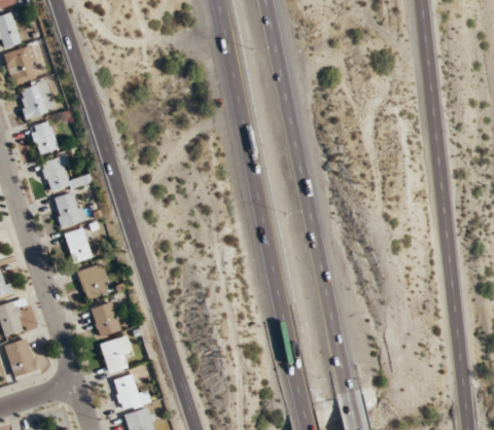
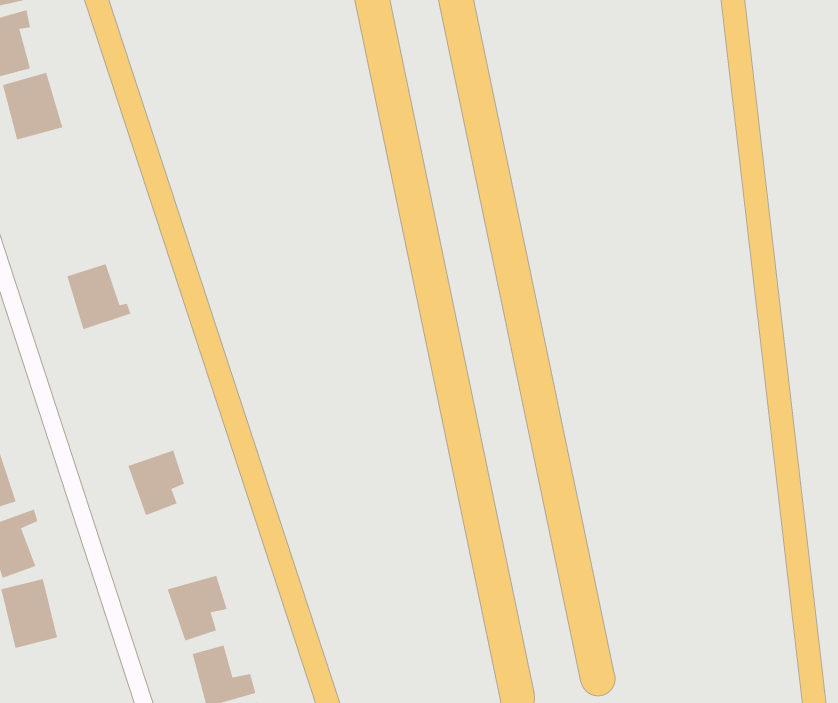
building: [16,81,56,119] -> none
building: [30,121,59,156] -> none
building: [52,191,86,228] -> none
building: [64,228,93,263] -> none
building: [90,301,121,337] -> none

